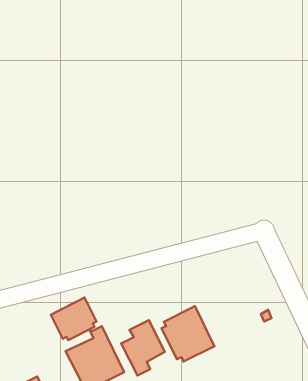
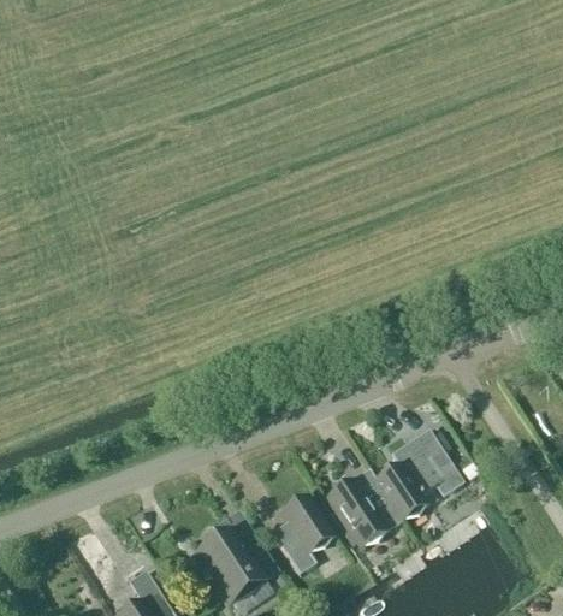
building: none -> [375,428,462,520]
building: [51,298,97,340] -> none

